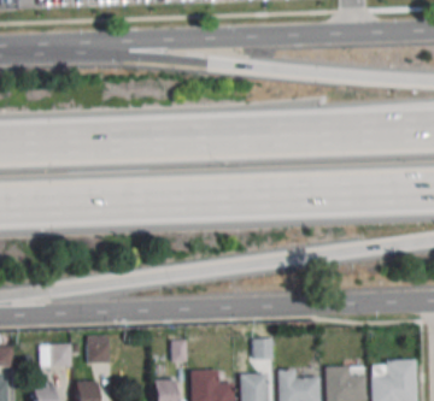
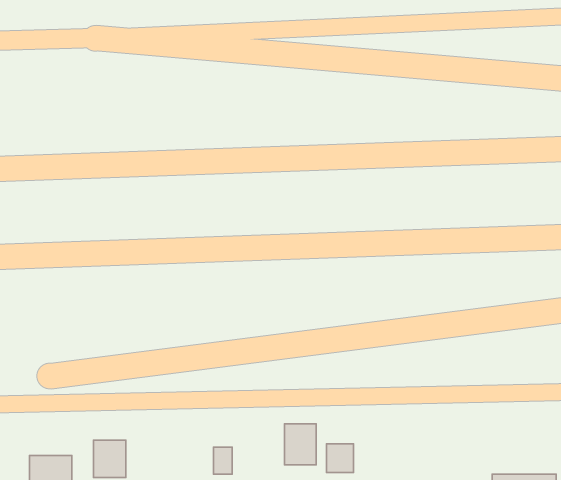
building: none -> [284,424,316,465]

